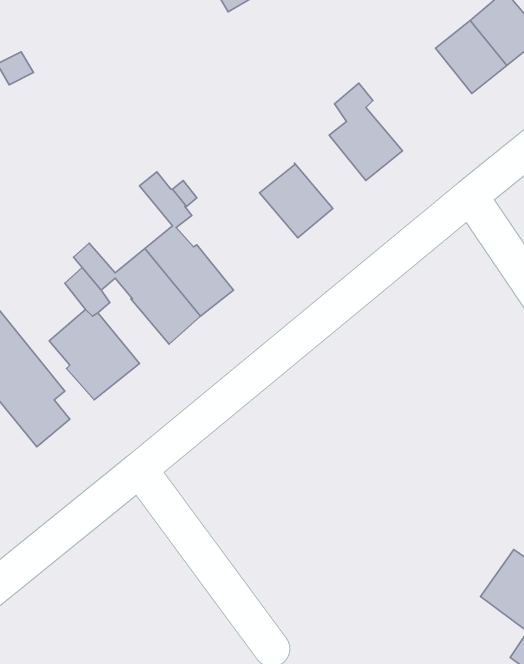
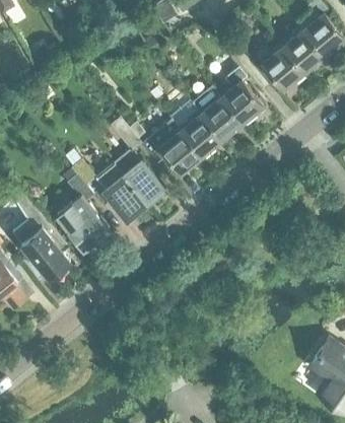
building: none -> [256,47,304,90]
building: none -> [192,87,243,140]
building: none -> [148,124,203,173]

